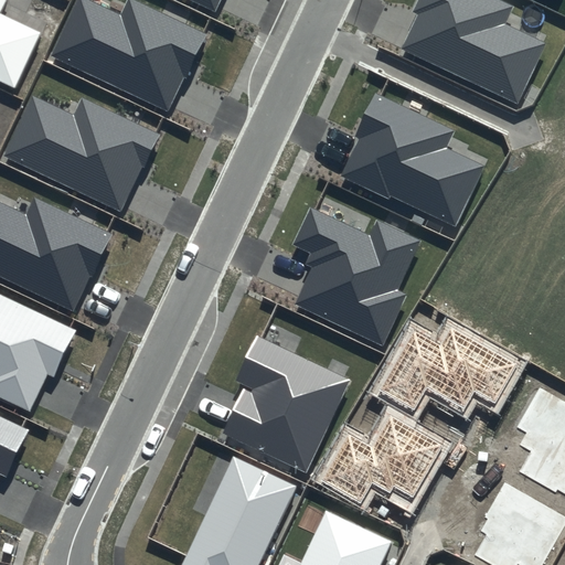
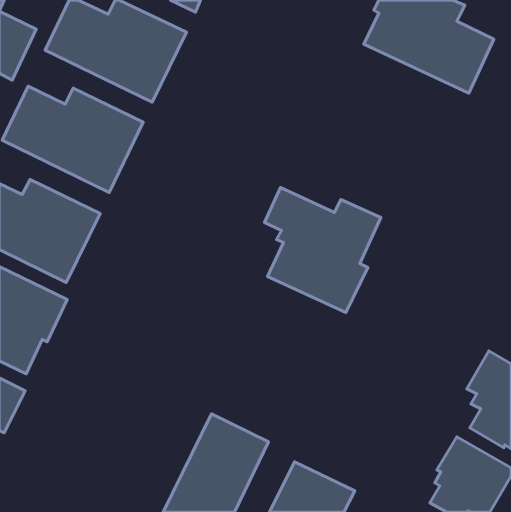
building: [339,93,482,226] -> none
building: [376,326,518,411] -> none
building: [221,335,350,473] -> none
building: [319,415,441,504] -> none

